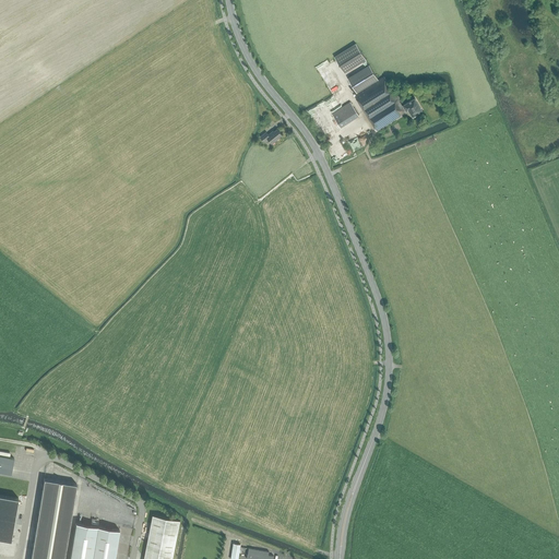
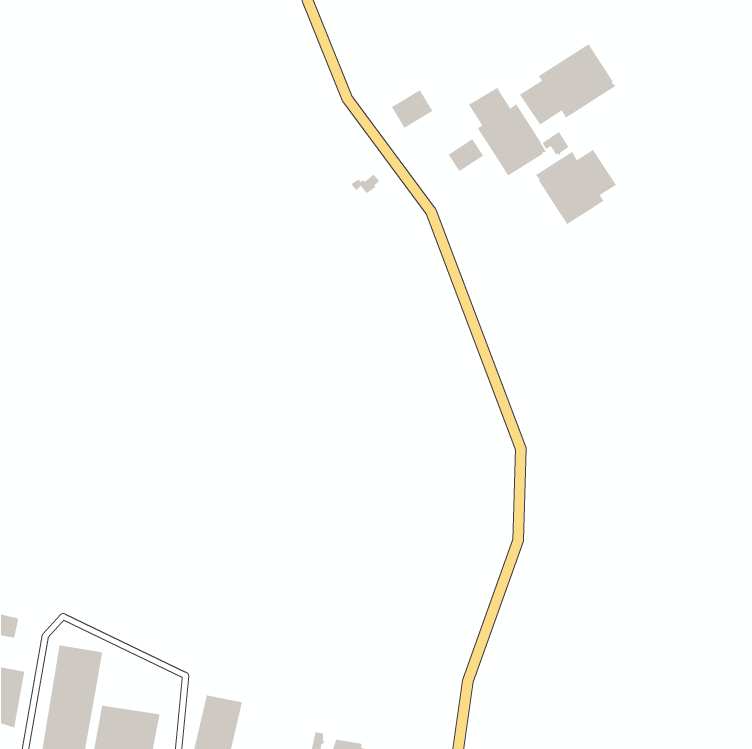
building: none -> [519,43,617,125]
building: [334,46,366,75] -> [391,89,434,129]
building: none -> [535,149,617,225]

